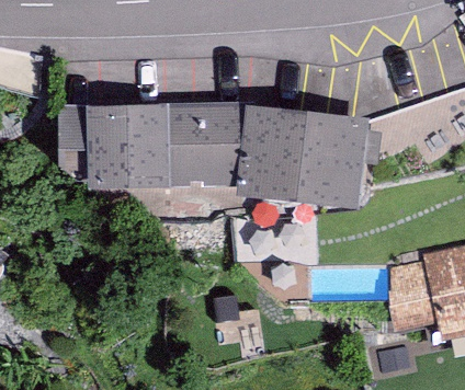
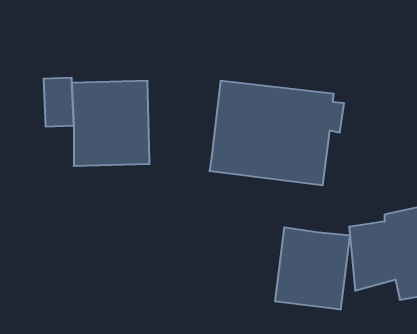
building: [169,98,248,191] -> none
building: none -> [275,227,350,310]

